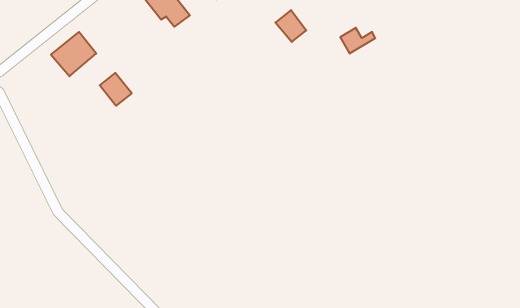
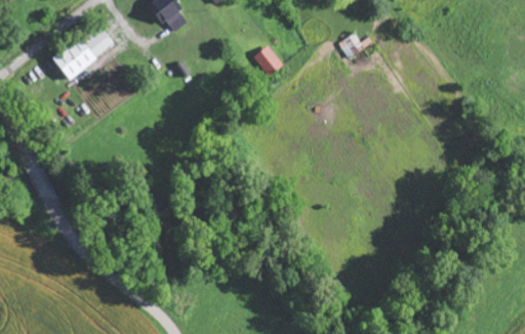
building: [275,10,306,42] -> [253,45,284,77]
building: [100,73,132,106] -> [82,23,114,55]

